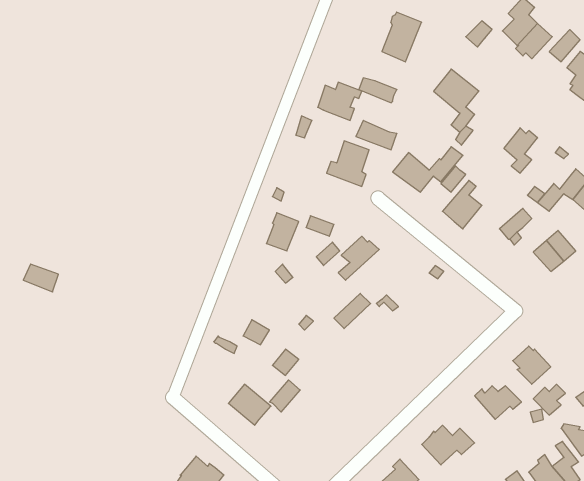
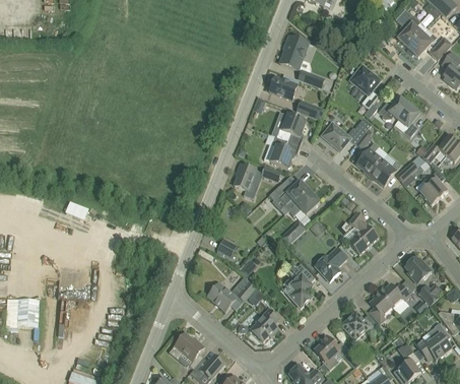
building: [382,12,422,62] -> [280,35,308,69]
building: none -> [378,94,409,119]
building: none -> [270,136,300,168]
building: none -> [370,158,401,185]
building: none -> [288,189,320,215]
building: none -> [347,211,378,253]
building: none -> [314,247,346,280]
building: none -> [289,262,315,307]
building: none -> [369,291,392,322]
building: none -> [250,308,279,340]

